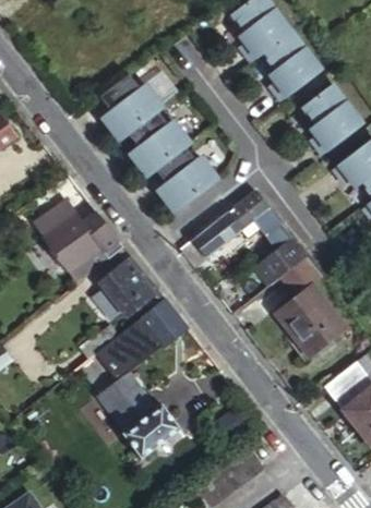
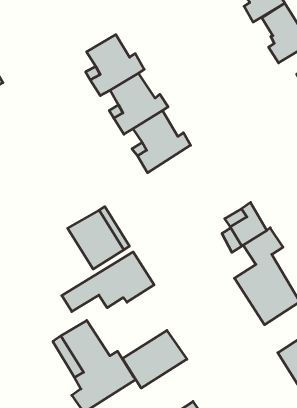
building: [177,193,275,277] -> none
building: [33,199,125,283] -> none
building: none -> [123,330,187,388]

